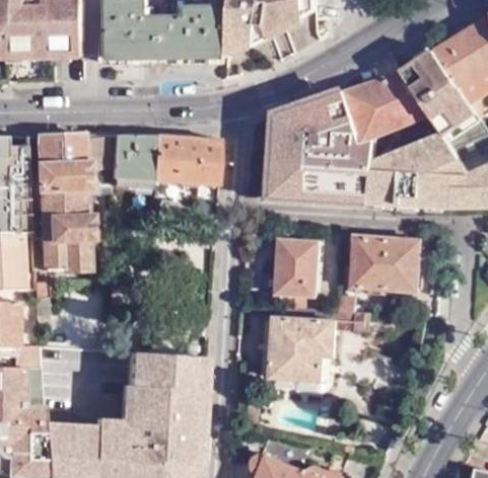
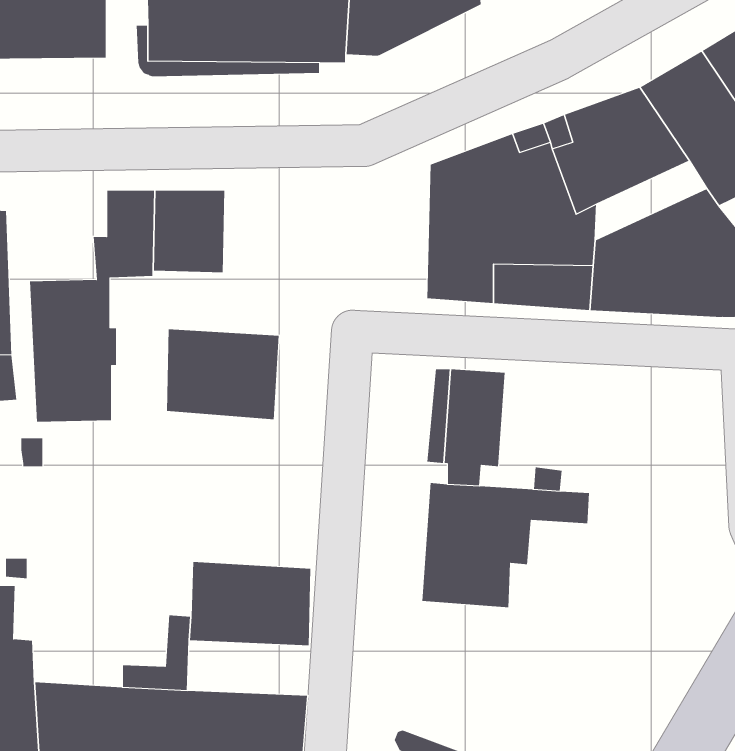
building: [34,133,82,186] -> none
building: [151,133,218,186] -> [166,329,280,420]
building: [349,236,418,291] -> none
building: [130,398,202,430] -> none

